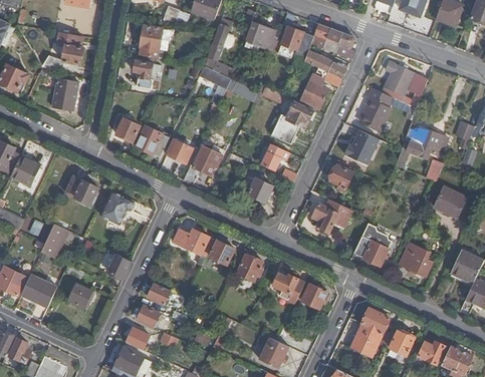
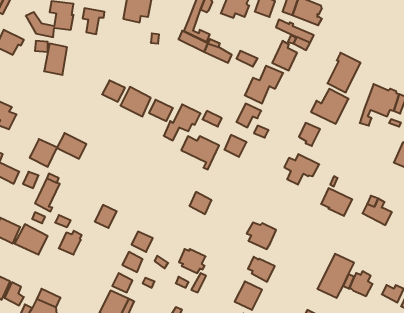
building: [385,58,429,108] -> none
building: [133,59,157,87] -> [83,8,105,34]
building: [11,155,41,185] -> [30,139,57,167]
building: [101,191,138,224] -> none
building: [173,229,214,265] -> [181,136,219,169]
building: [234,254,263,280] -> [179,249,206,273]
building: [298,282,327,309] -> [248,257,275,282]

